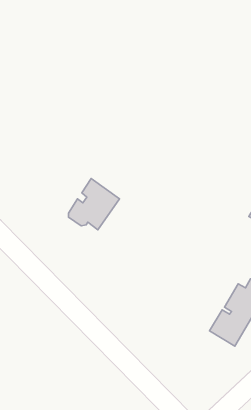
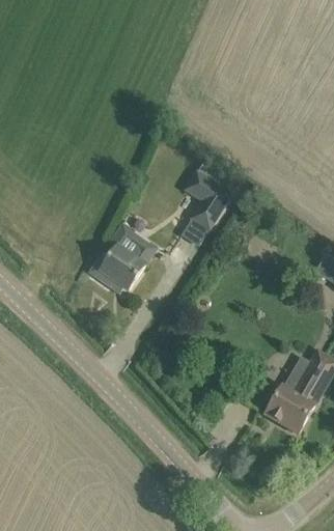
building: none -> [180,169,232,246]

